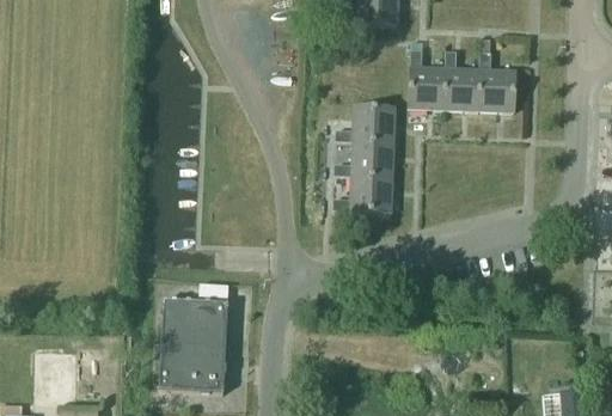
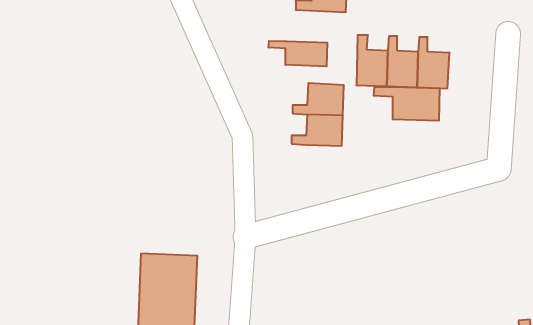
building: none -> [269,41,327,66]
building: none -> [374,87,440,121]
building: [333,177,392,213] -> none

